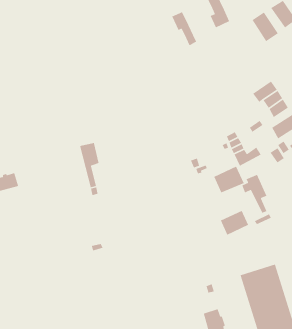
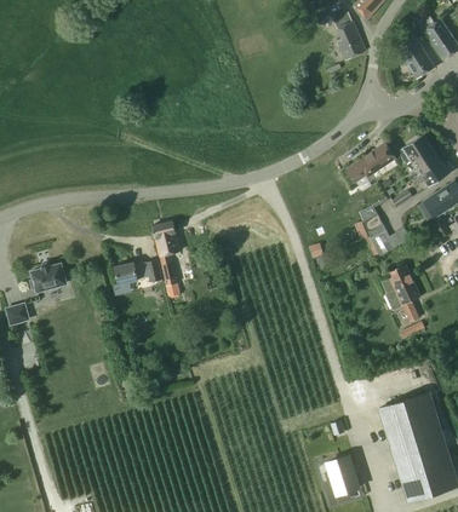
building: [171,11,197,47] -> none
building: none -> [347,143,395,182]
building: [213,166,245,194] -> none
building: none -> [113,259,162,295]
building: [220,210,249,236] -> none

